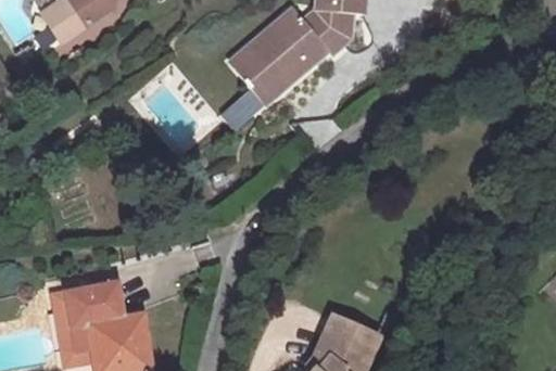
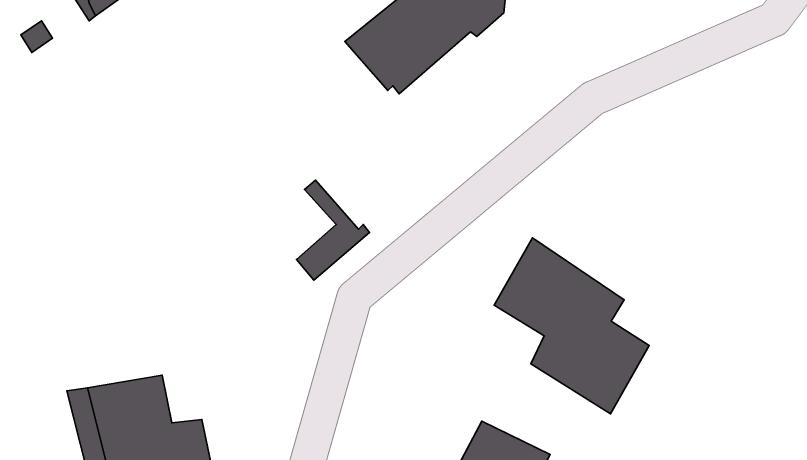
building: [226,57,276,126] -> [296,180,370,280]
building: none -> [494,238,649,414]

